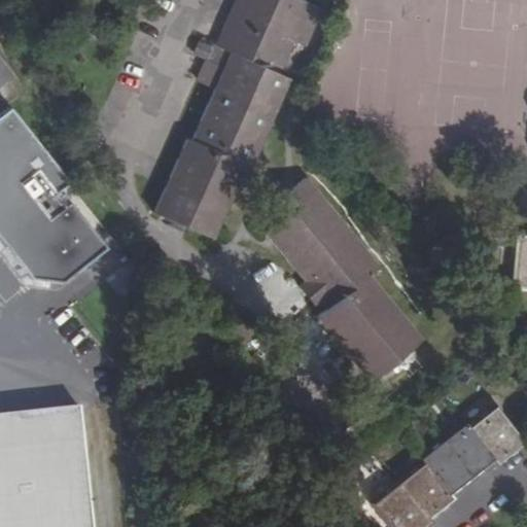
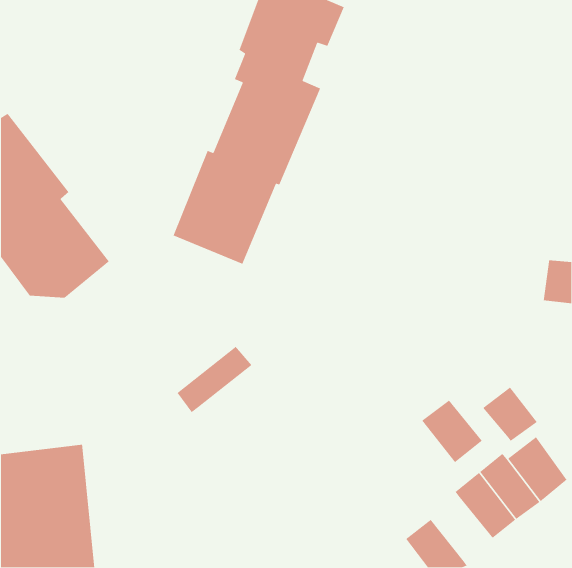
building: [254,176,413,383] -> none
building: none -> [176,346,253,413]
building: none -> [482,387,538,442]
building: [396,458,453,517] -> [421,399,483,463]

